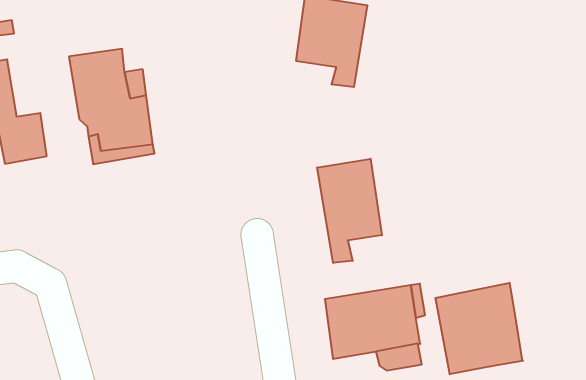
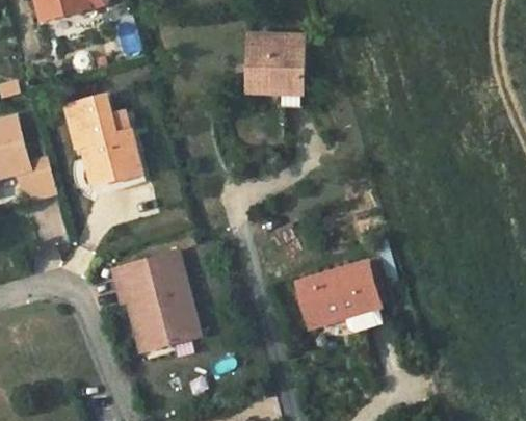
building: [317,159,382,263] -> none
building: none -> [111,249,200,349]
building: [435,283,523,374] -> none

